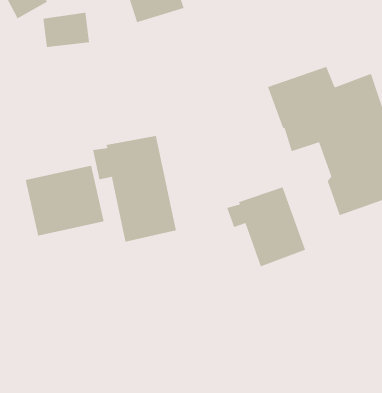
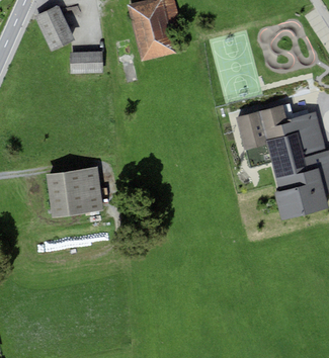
building: [92,135,177,243] -> none
building: [226,186,306,267] -> none

